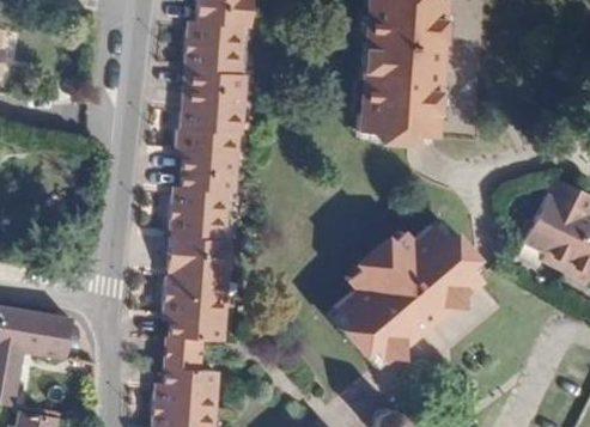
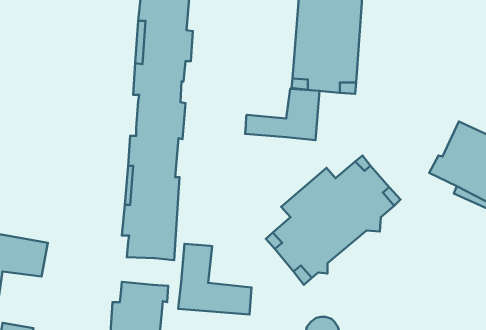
building: none -> [245,89,319,140]
building: none -> [178,244,251,314]
building: [163,335,201,368] -> none

